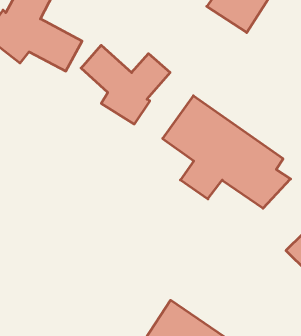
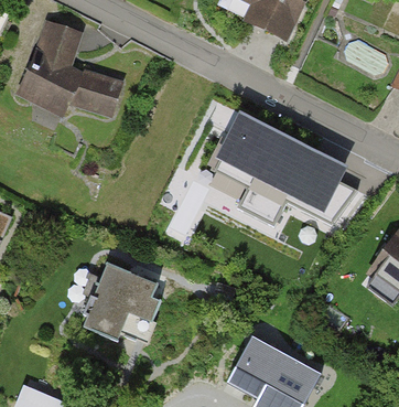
building: [81,45,170,124] -> none
building: none -> [85,264,160,339]

